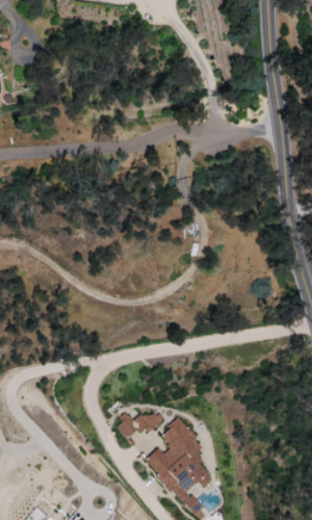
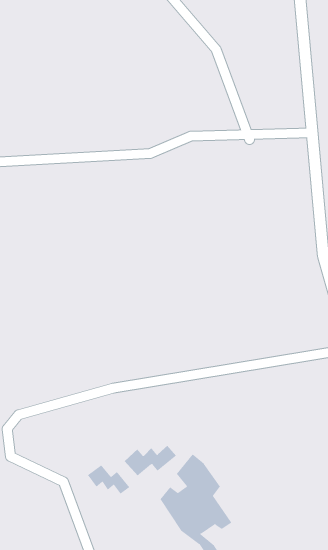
building: none -> [87,464,130,495]

